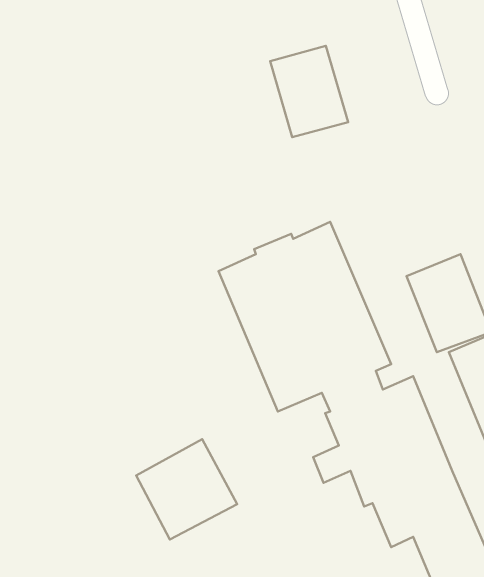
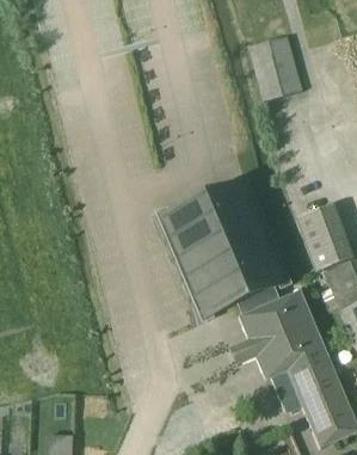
building: [270,46,348,137] -> [248,36,303,100]
building: [136,439,237,540] -> none

